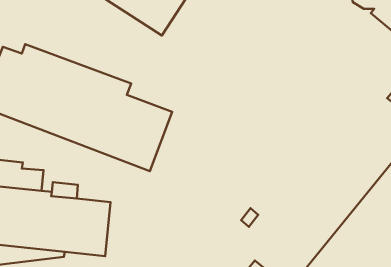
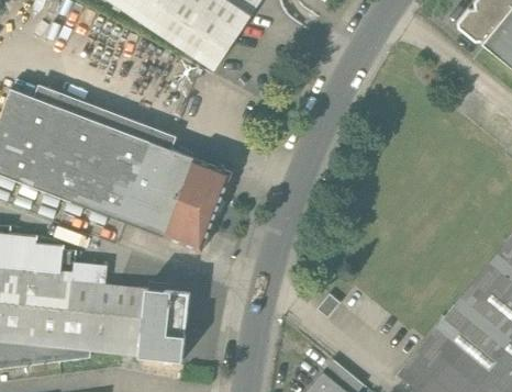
building: none -> [144,287,194,360]

